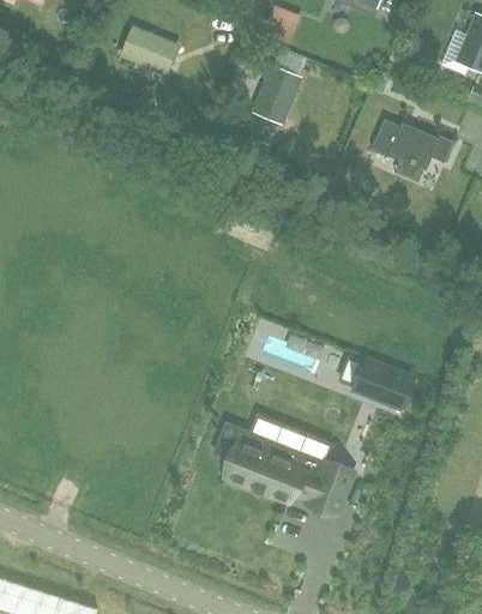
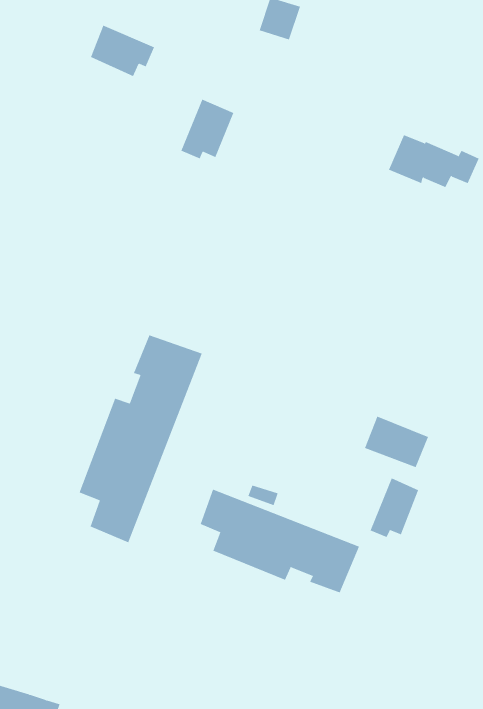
building: [253,66,299,118] -> [181,99,234,159]
building: none -> [79,334,202,543]
building: none -> [370,477,419,538]

